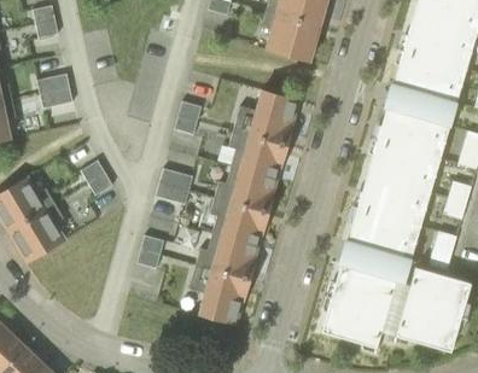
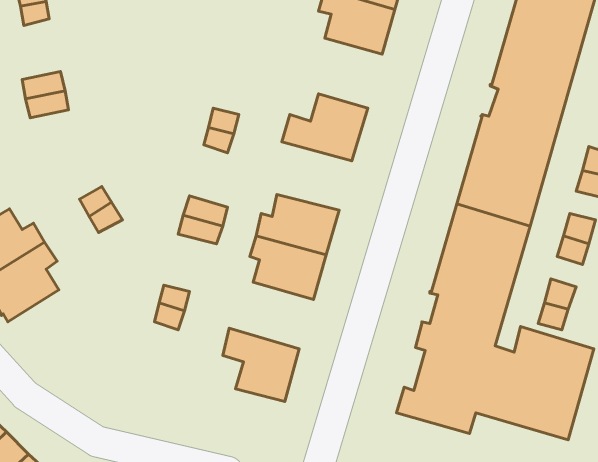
building: [228,127,287,179] -> none
building: [194,233,258,284] -> none

